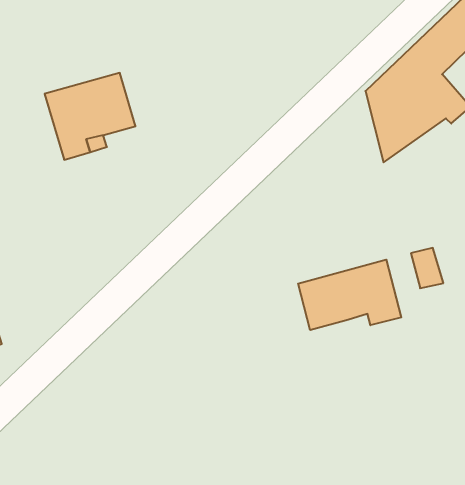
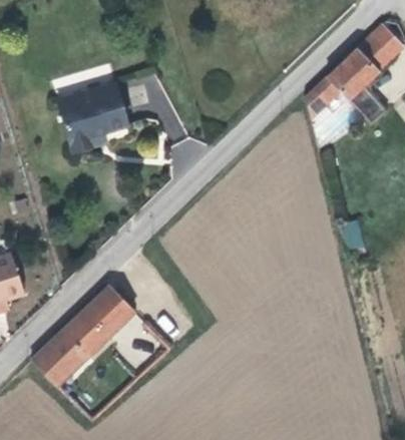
building: [298,260,401,330] -> none
building: none -> [31,285,135,387]

